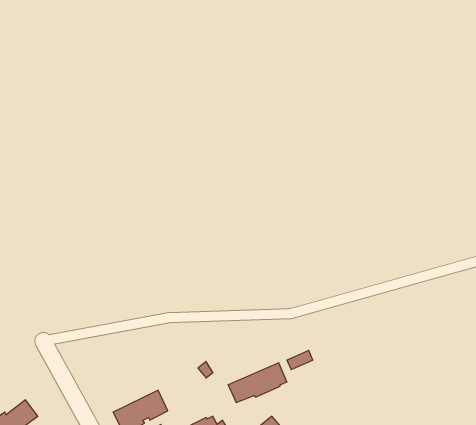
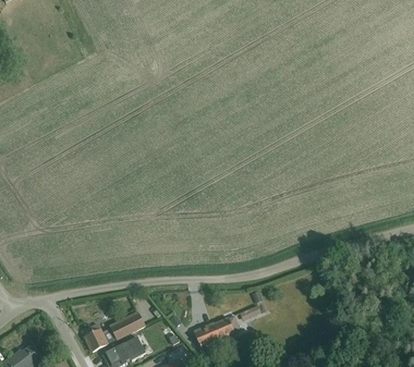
building: none -> [82,311,144,351]

